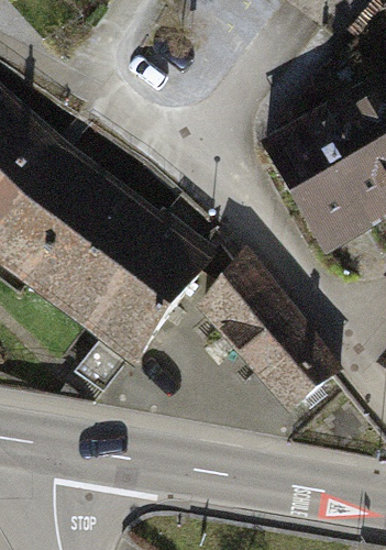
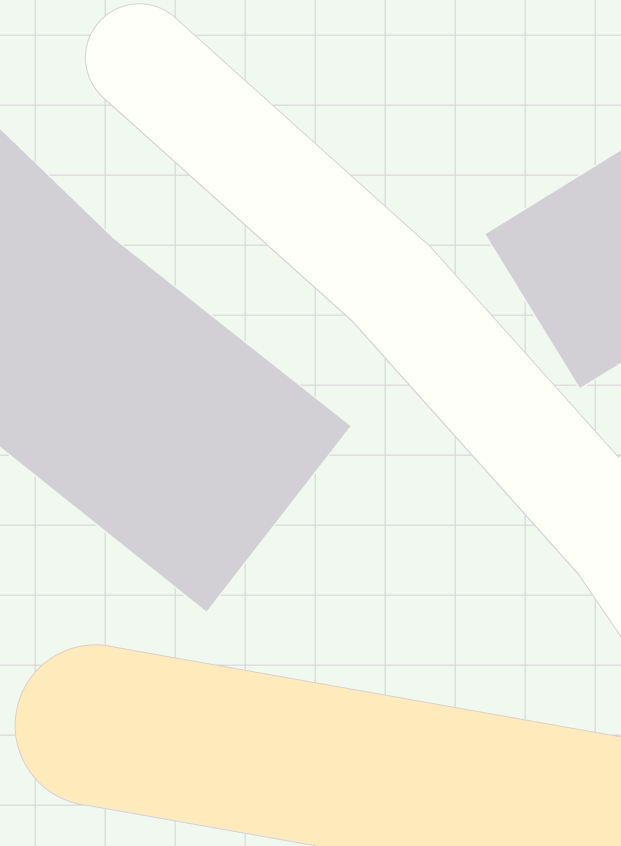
building: [202,258,348,417] -> none

